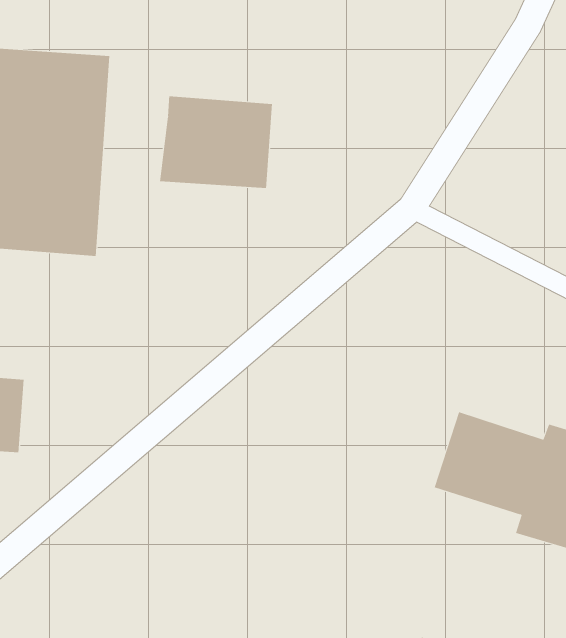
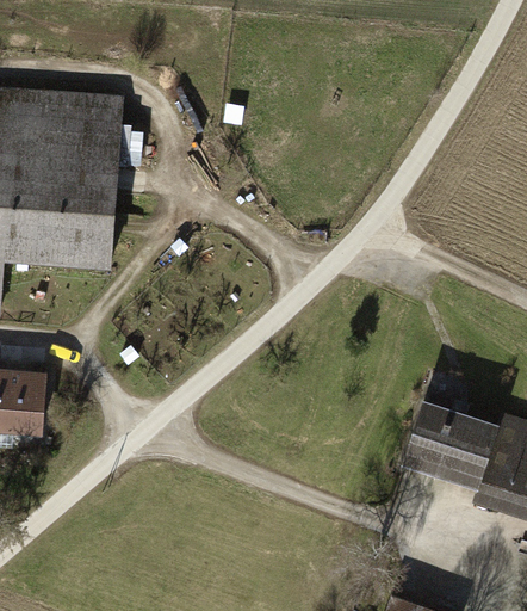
building: [159,95,272,189] -> none

